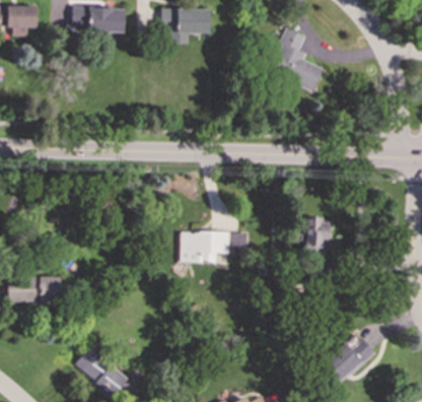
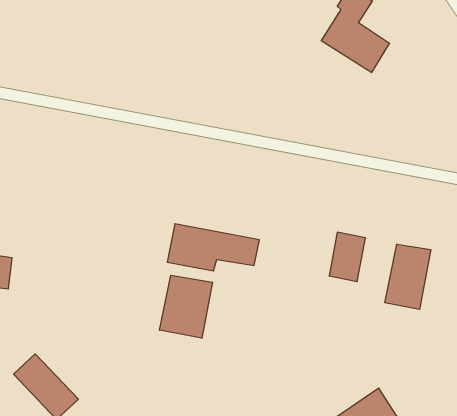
building: none -> [385,244,431,309]
building: none -> [159,275,213,338]

